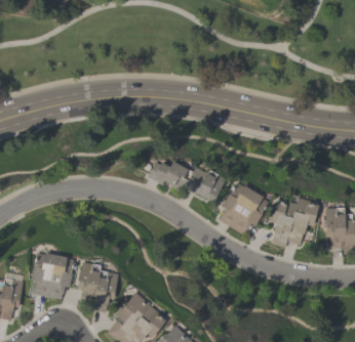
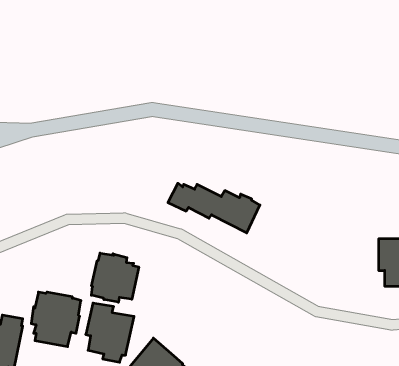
building: [219,180,269,233] -> none
building: [270,196,318,247] -> none
building: none -> [91,253,139,302]

